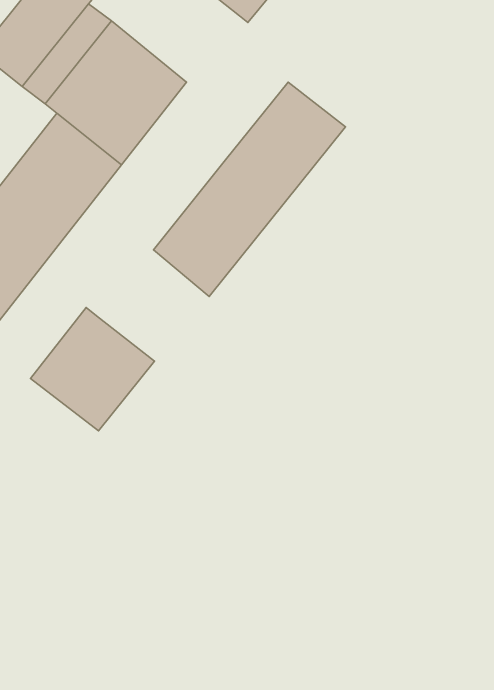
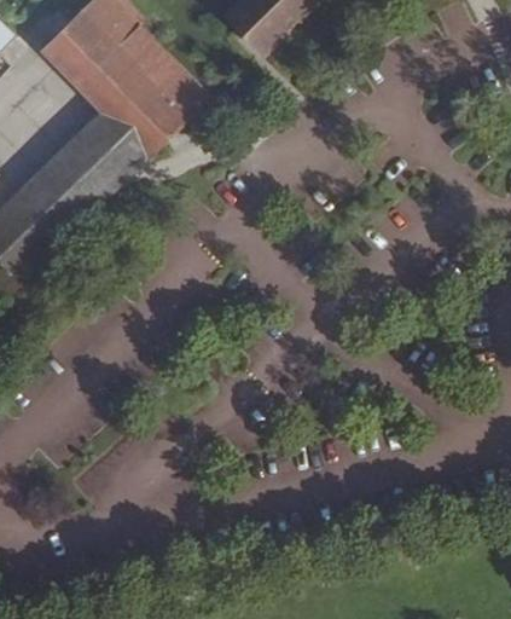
building: [153,82,345,296] -> none
building: [30,308,154,431] -> none

